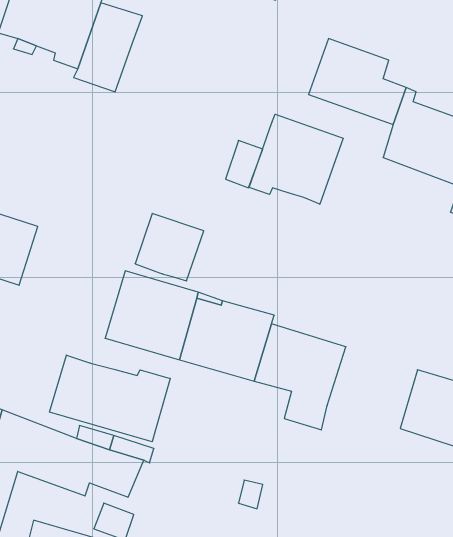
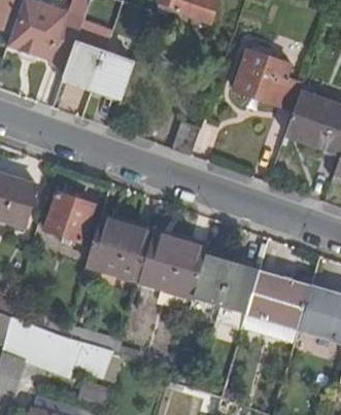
building: none -> [94,53,135,98]
building: [249,114,343,204] -> none
building: [135,214,204,281] -> [45,192,95,240]
building: none -> [246,271,311,330]
building: [50,355,170,442] -> none

